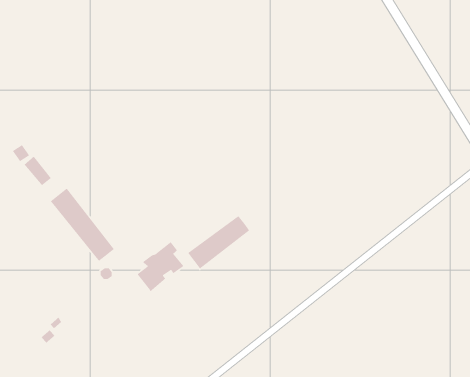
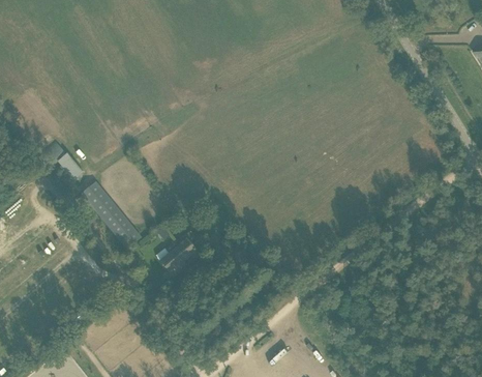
building: [187,215,250,269] -> none

